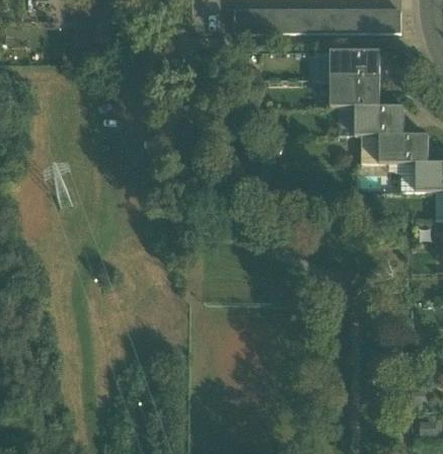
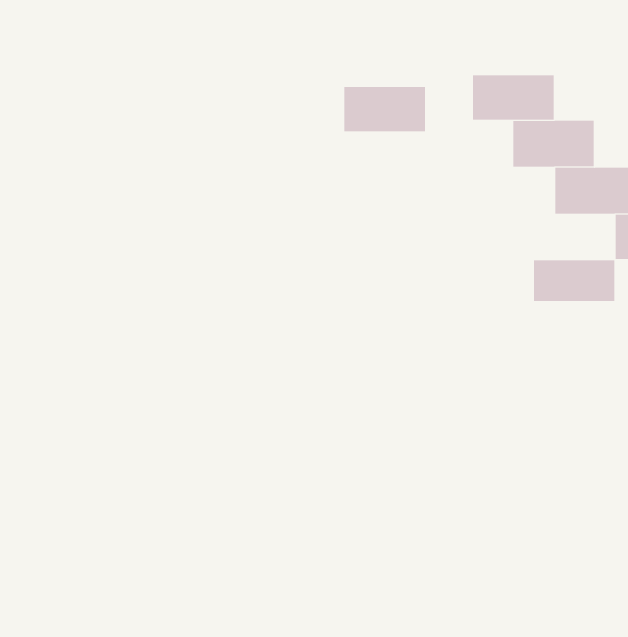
building: [329,52,379,79] -> [344,87,426,132]
building: none -> [533,260,615,302]

